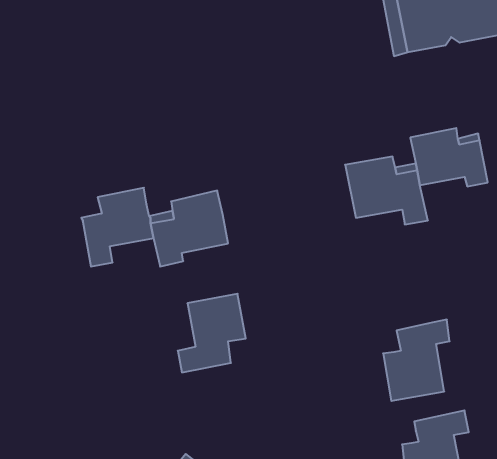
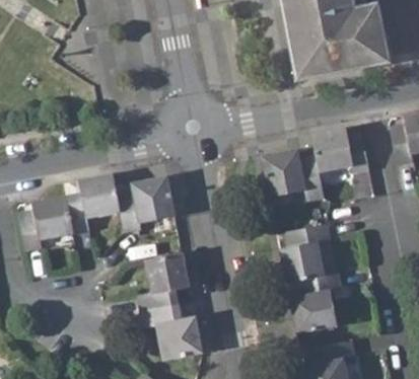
building: none -> [20,197,74,251]
building: none -> [282,225,332,284]
building: none -> [142,305,204,360]

